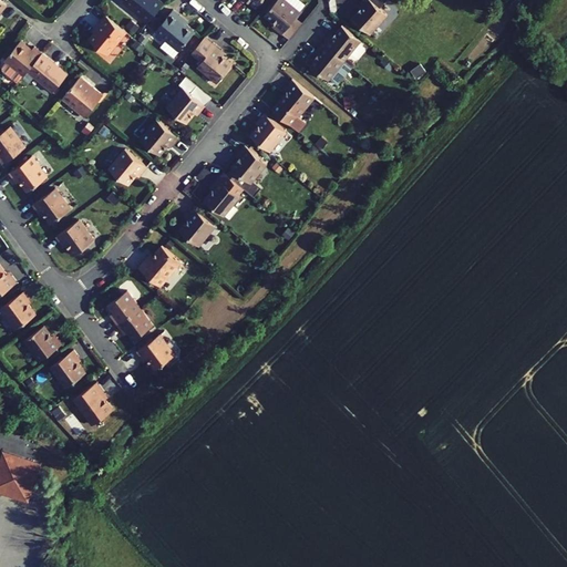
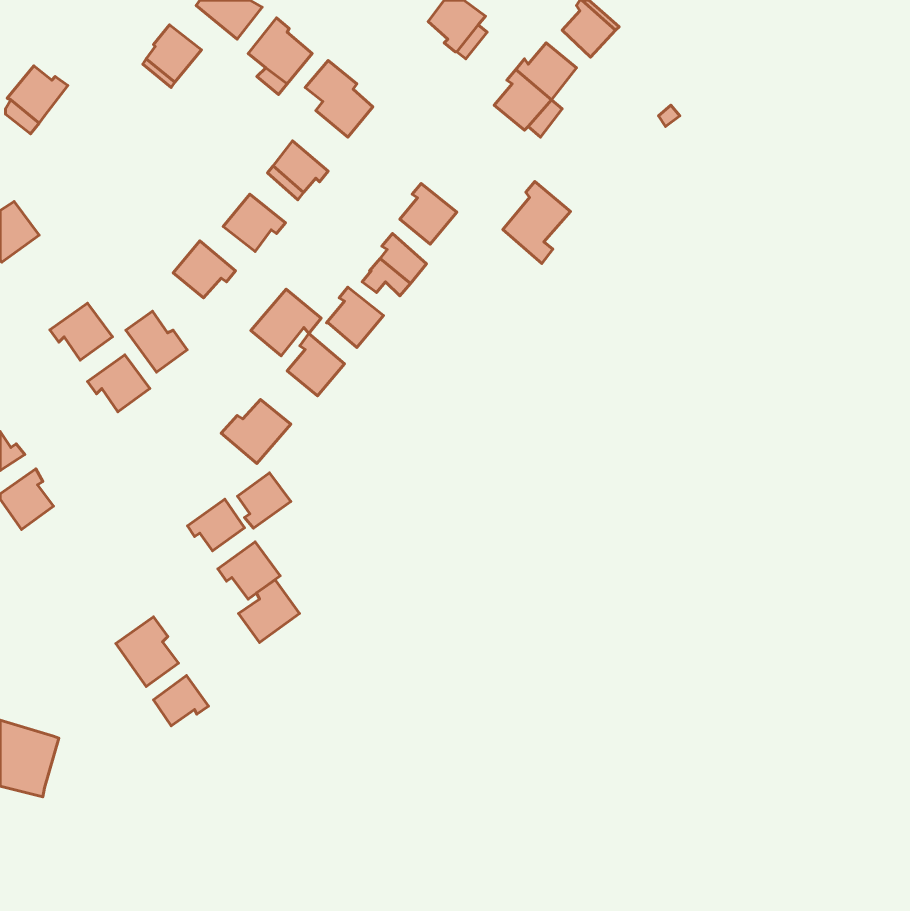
building: [29,53,69,93] -> none
building: [65,76,107,118] -> none
building: [271,80,313,131] -> [503,181,571,263]
building: [8,155,47,190] -> none
building: none -> [251,289,321,356]
building: none -> [126,311,187,372]
building: [107,292,141,327] -> [237,473,291,528]
building: [23,327,62,362] -> none
building: [50,351,84,389] -> none
building: none -> [239,580,300,643]
building: none -> [153,676,208,726]

